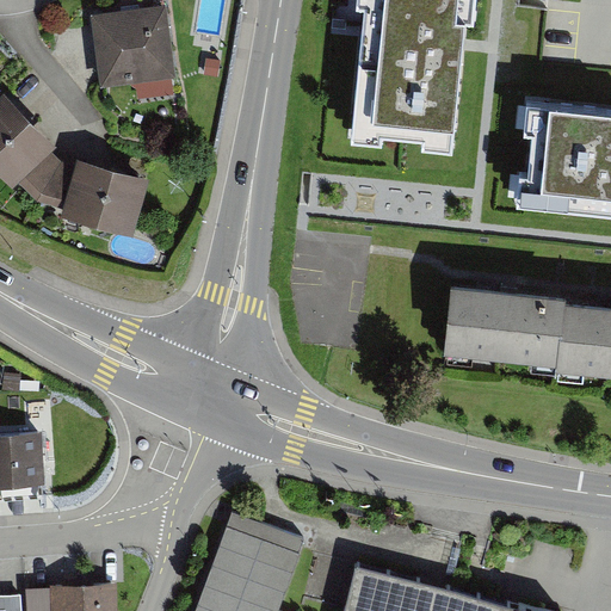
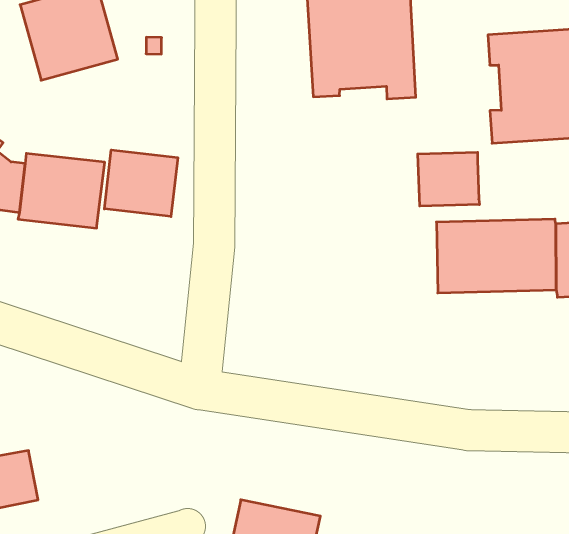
building: none -> [104,150,178,217]
building: none -> [418,152,479,206]

